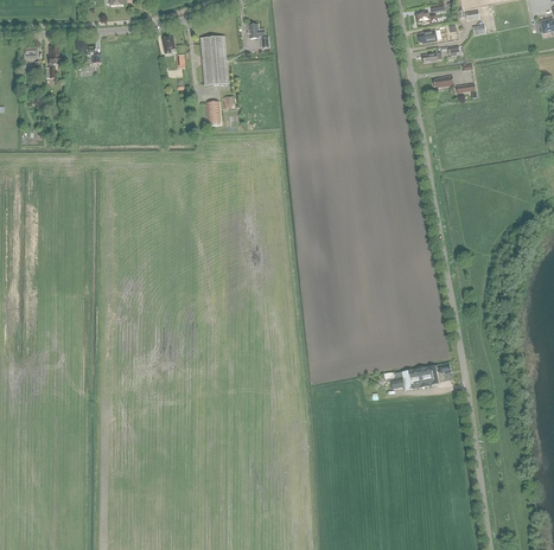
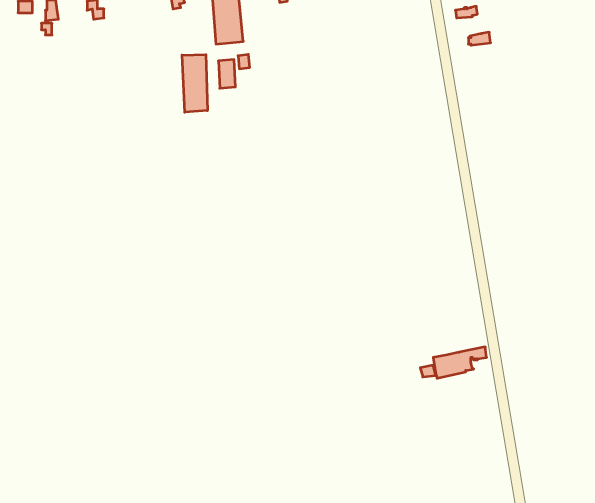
building: none -> [182,55,207,112]

